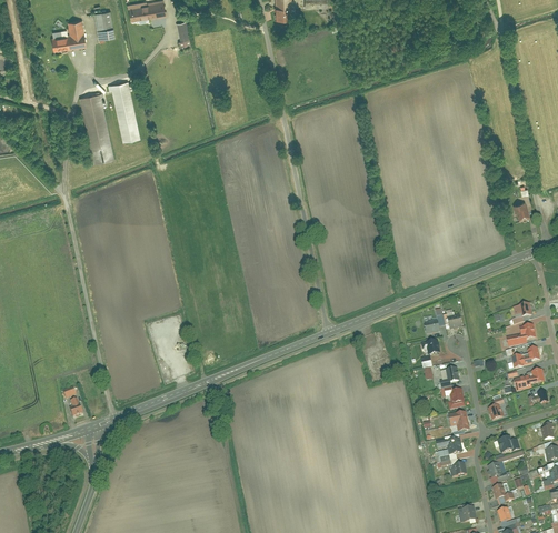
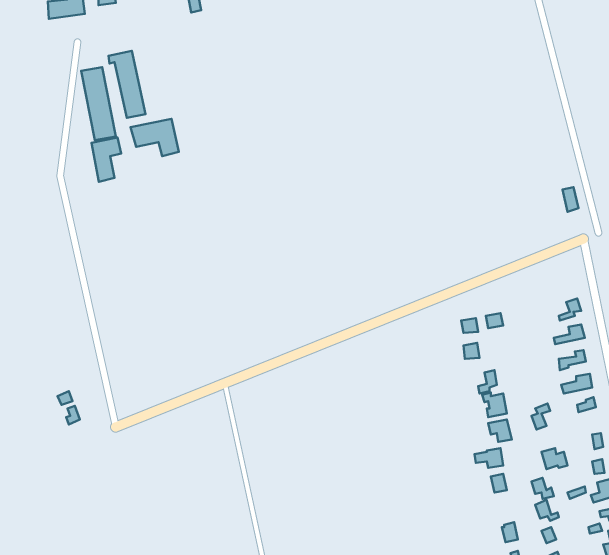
building: none -> [131,119,179,156]
building: none -> [91,138,121,182]

